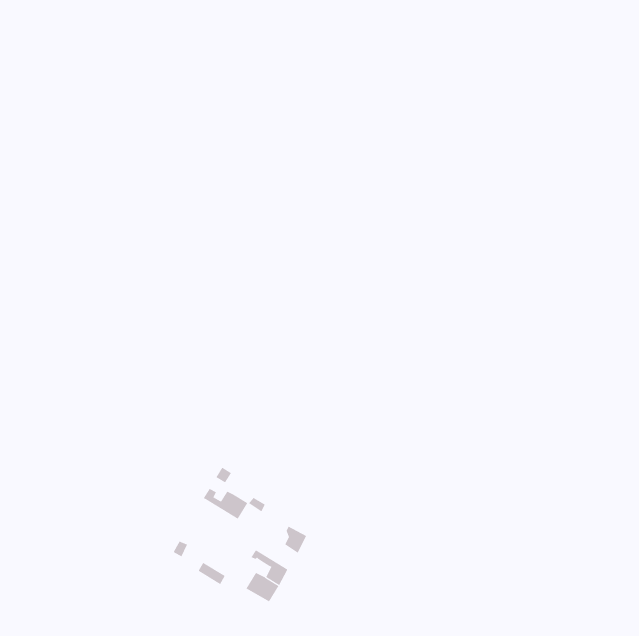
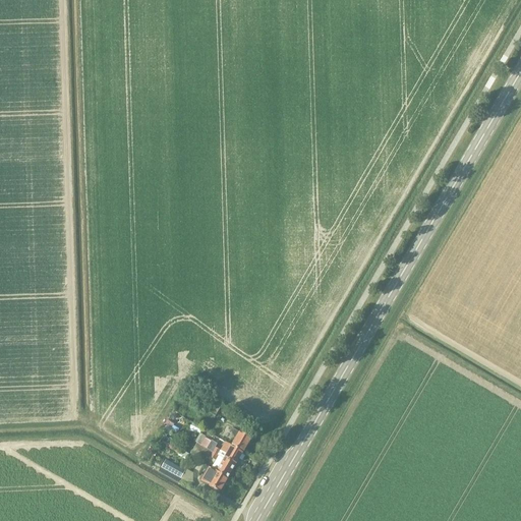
building: [203,488,248,520] -> [207,438,243,463]

